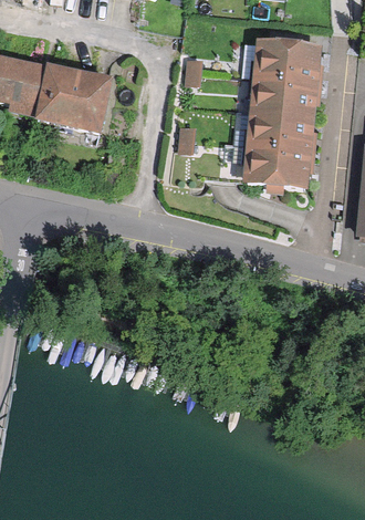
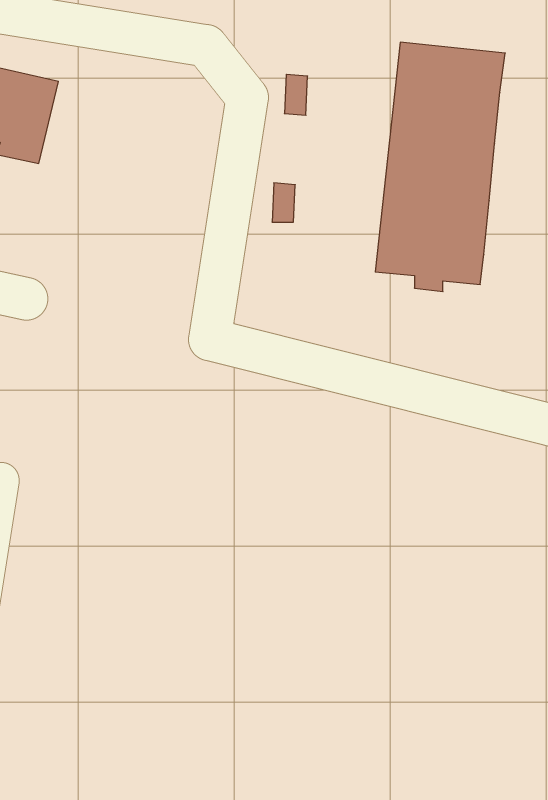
building: [34,59,113,131] -> none

